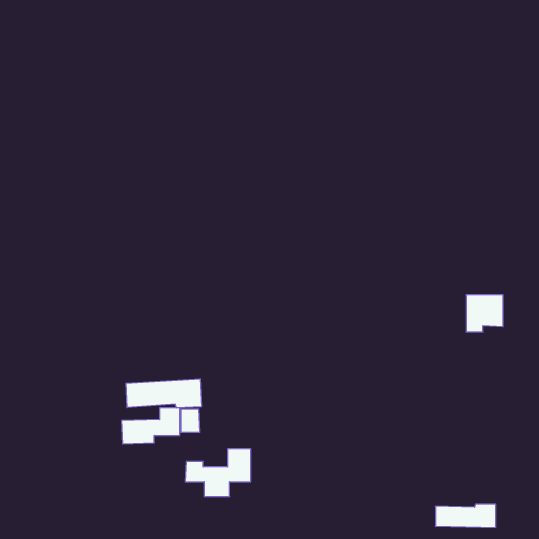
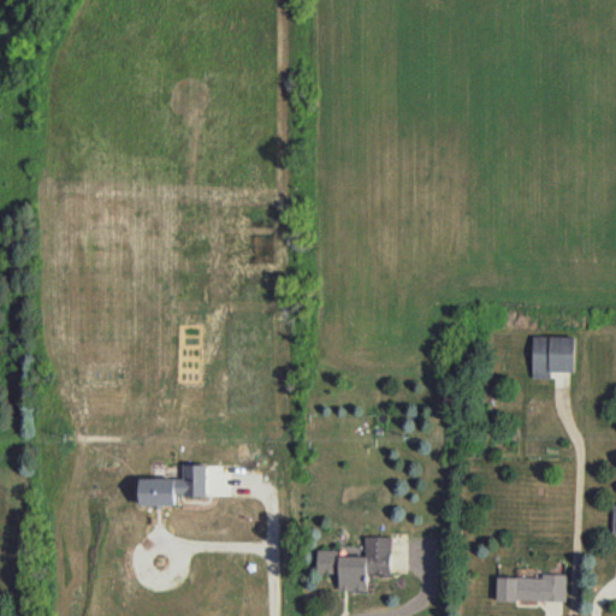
building: [126,379,201,408] -> none
building: [185,449,251,497] -> [315,537,390,591]

